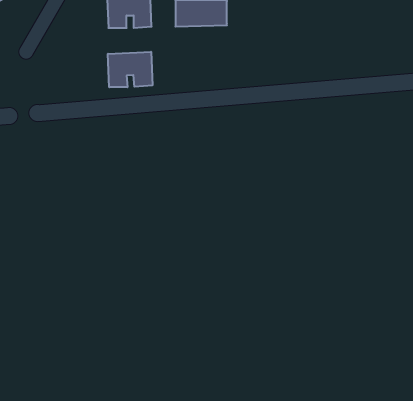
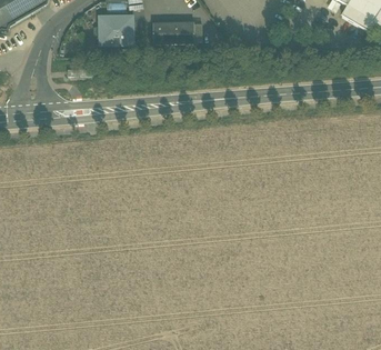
building: [108,52,152,87] -> none

